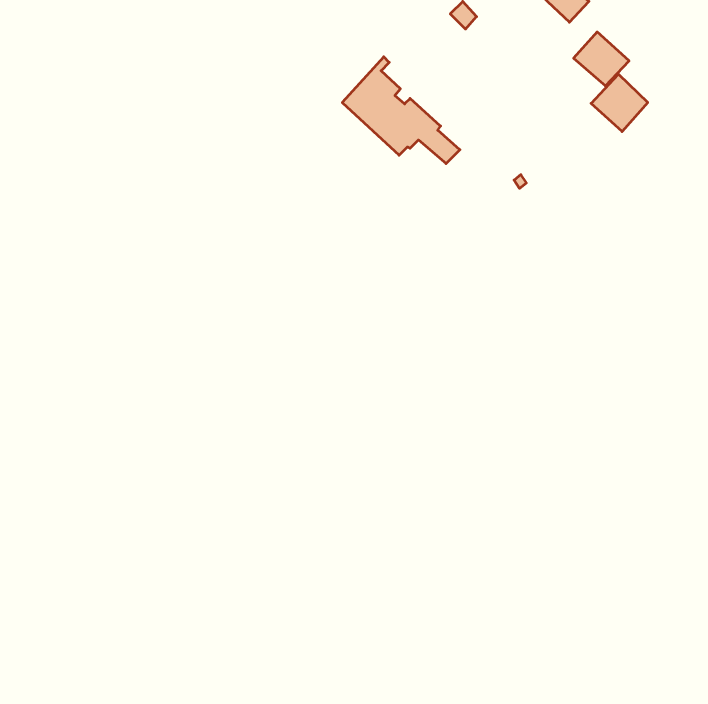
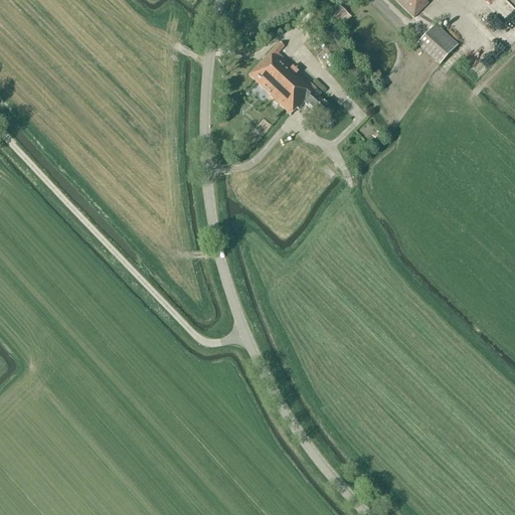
building: [591,74,648,132] -> none

